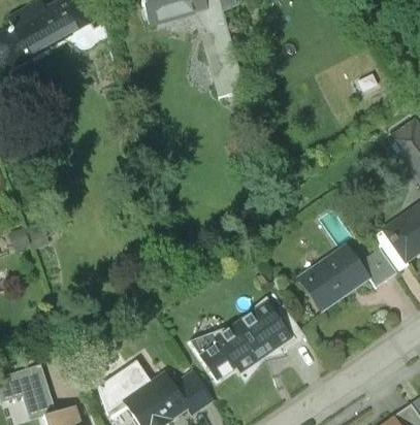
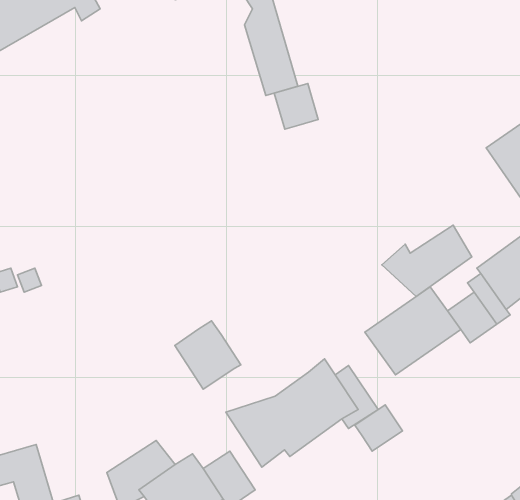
building: none -> [274,83,318,129]
building: none -> [382,225,472,296]
building: none -> [175,321,241,389]
building: none -> [355,405,402,451]

